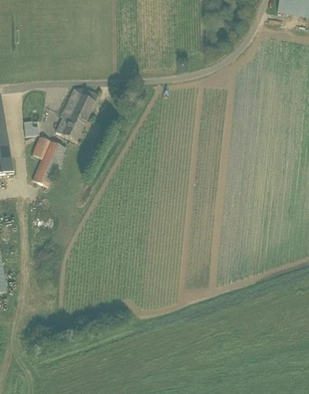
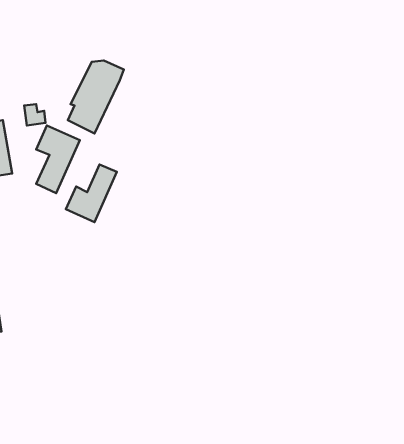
building: none -> [66,164,117,222]

